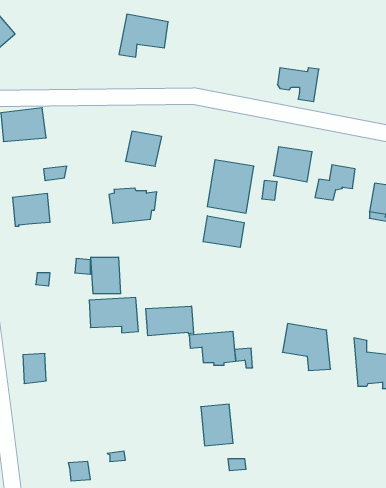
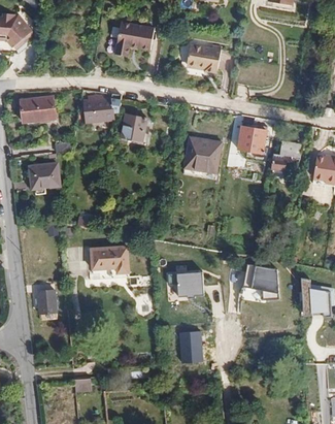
building: [277,68,319,102] -> [187,44,220,71]
building: [109,188,157,223] -> [82,95,121,123]
building: [203,216,244,247] -> none
building: [91,257,121,294] -> none
building: [146,306,194,336] -> none

